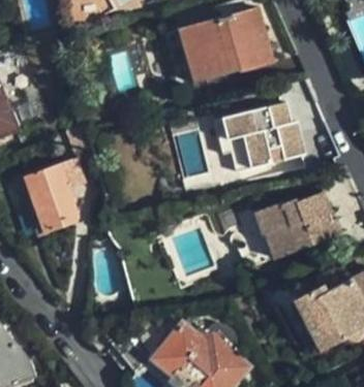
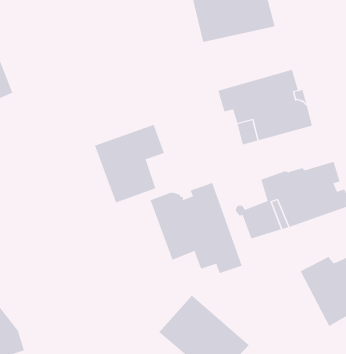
building: [16,159,84,235] -> [94,124,165,203]
building: none -> [150,182,243,274]

